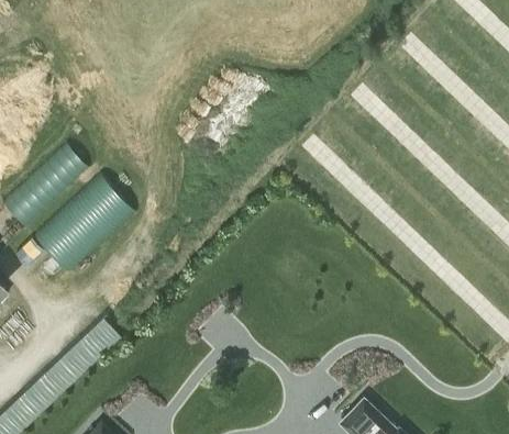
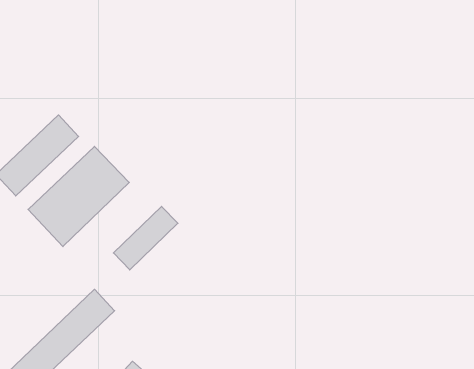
building: none -> [113,206,178,270]

